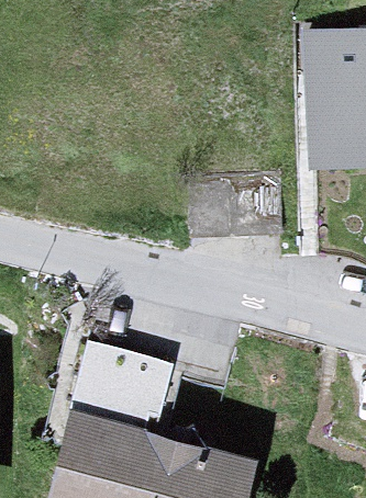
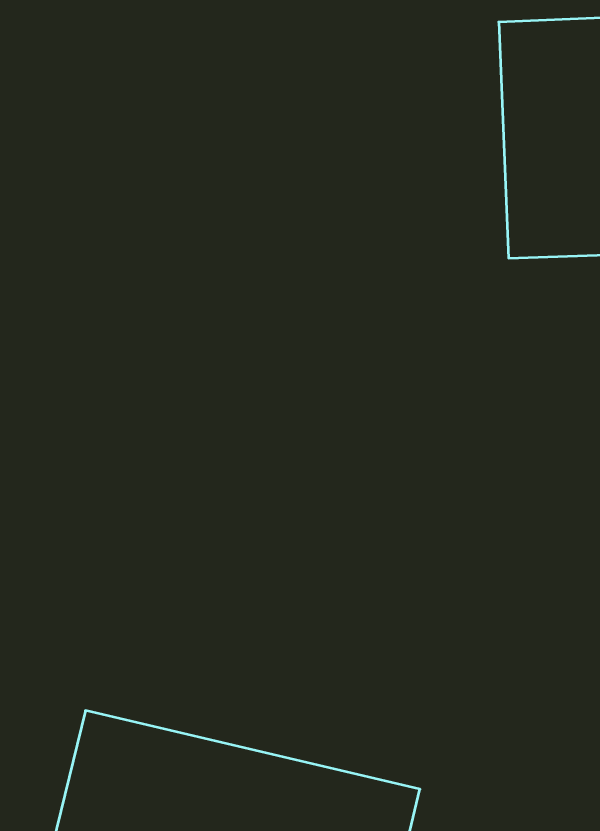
building: [70,346,167,428] -> none

